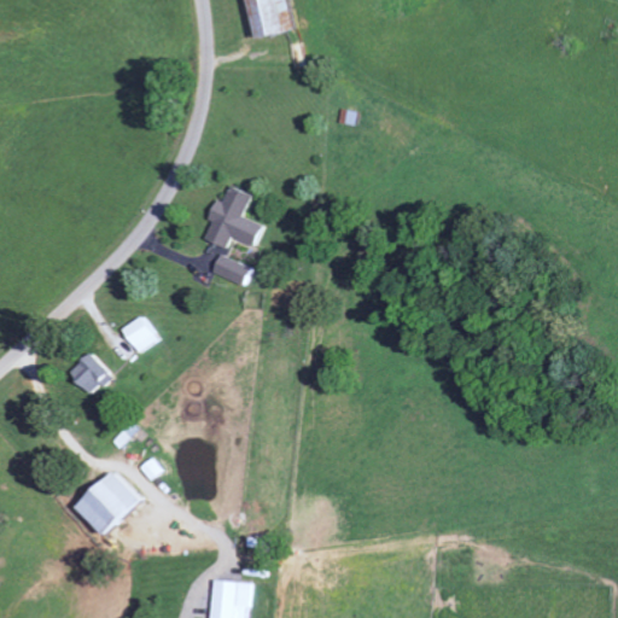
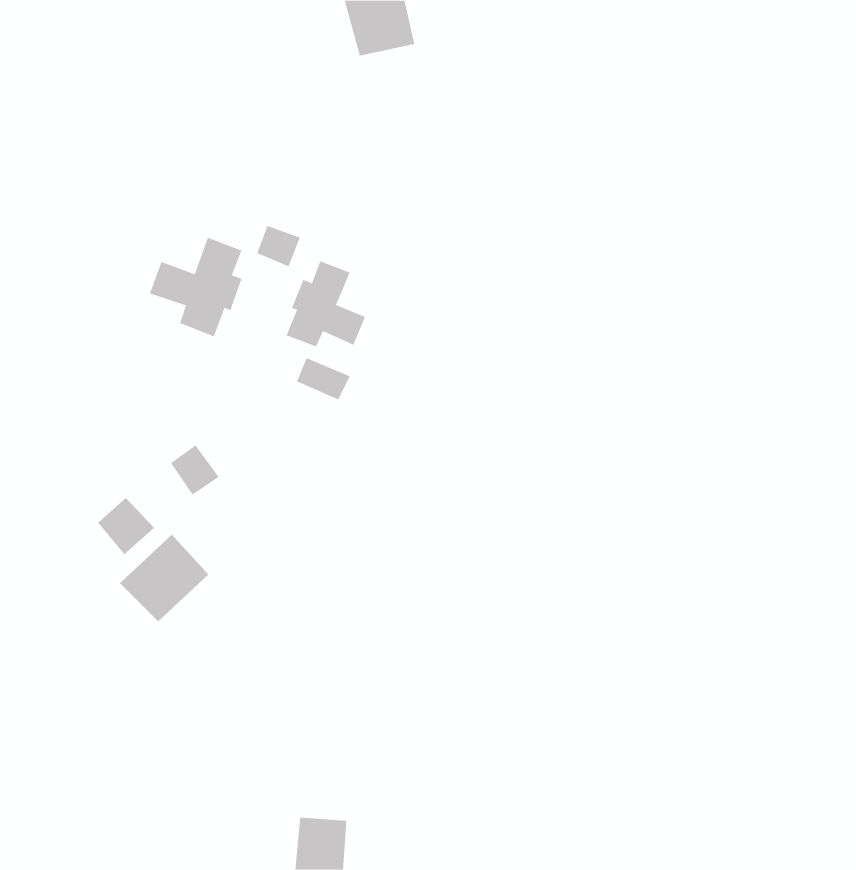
building: none -> [256,225,301,267]
building: none -> [149,237,242,337]
building: [75,471,139,534] -> [119,534,209,622]

